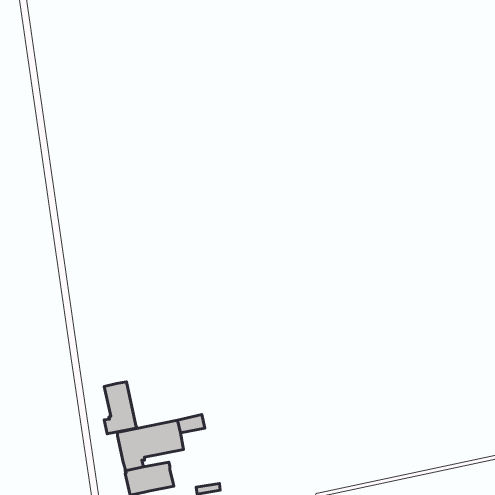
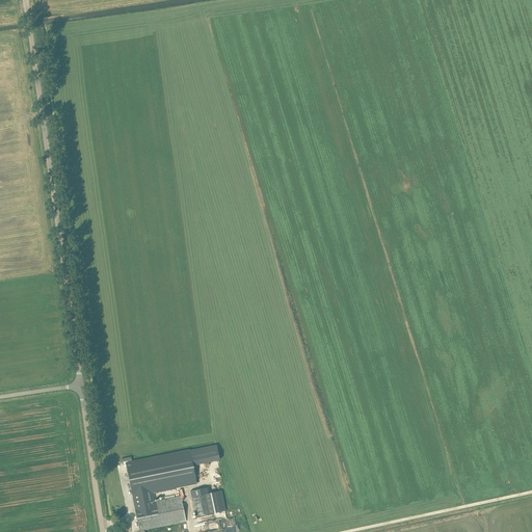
building: [104,382,137,434] -> none
building: none -> [191,486,225,515]

